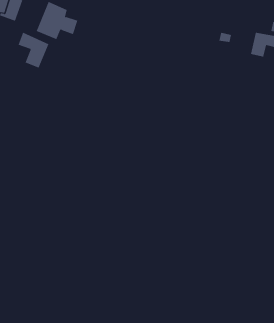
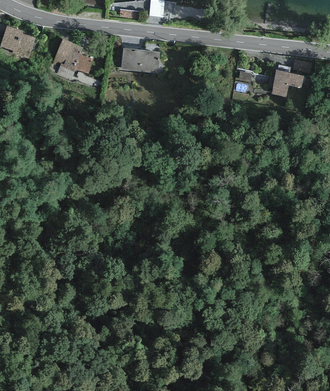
building: none -> [122,48,160,72]
building: [18,32,49,69] -> none

